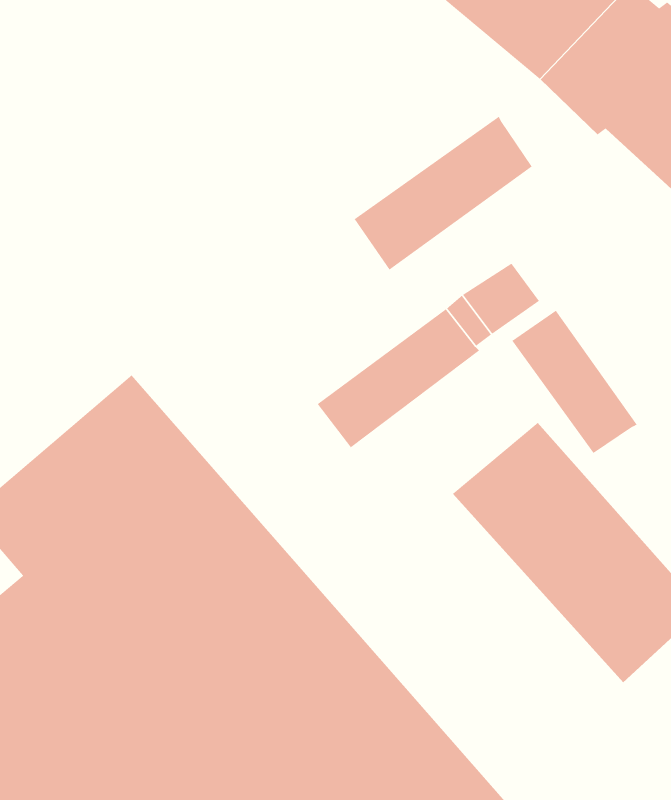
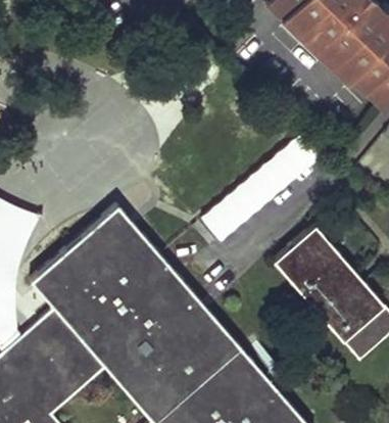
building: [354,116,532,271] -> none
building: [511,310,637,454] -> none

